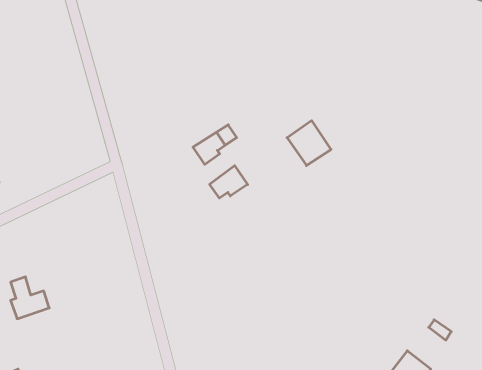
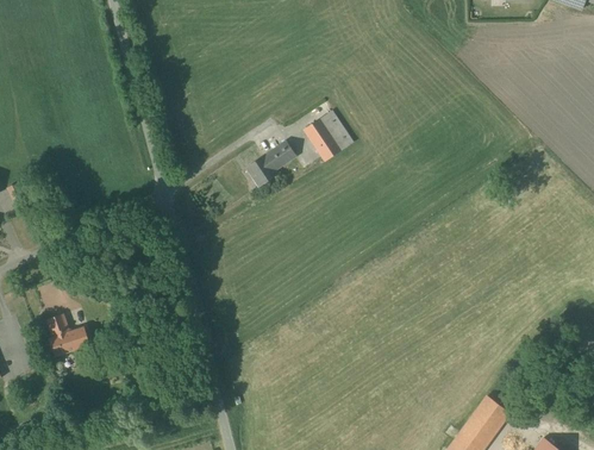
building: [287,121,331,166] -> [304,111,352,161]
building: [210,166,248,198] -> none

